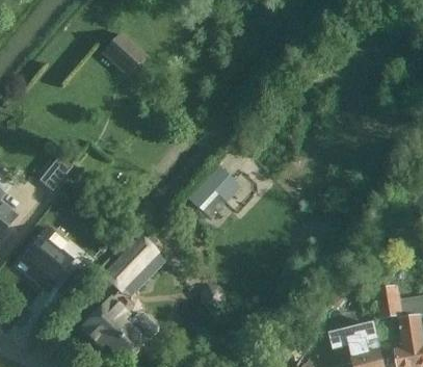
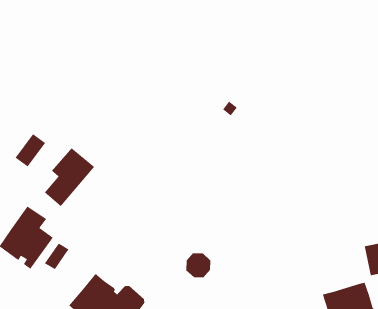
building: [103,32,144,74] -> none
building: [187,163,240,206] -> none
building: [104,230,156,288] -> [44,147,95,207]

